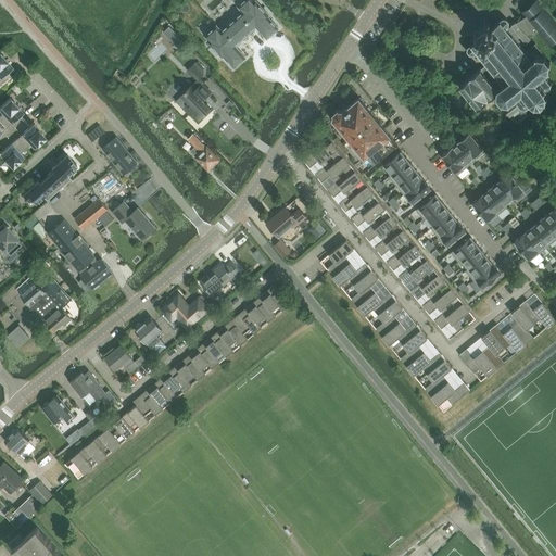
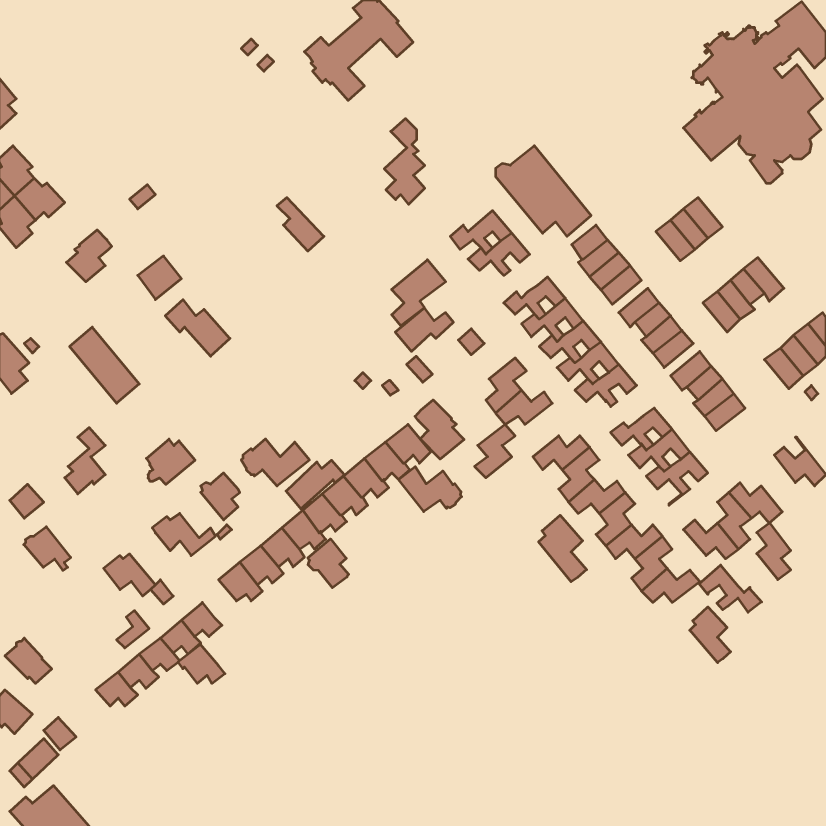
building: [181,62,208,119] -> [384,119,425,204]
building: [102,139,136,174] -> none
building: [326,172,367,201] -> none
building: none -> [392,260,446,326]
building: [21,177,58,203] -> none
building: [74,200,114,230] -> none
building: [78,258,111,289] -> [146,439,195,484]
building: [397,260,439,288] -> none
building: [200,263,239,295] -> [286,460,344,509]
building: none -> [415,400,464,459]
building: [20,271,60,314] -> none
building: [350,271,377,307] -> [475,424,515,478]
building: [510,306,533,344] -> [757,523,791,580]
building: none -> [398,467,462,512]
building: none -> [539,515,587,582]
building: none -> [308,539,349,588]
building: none -> [699,565,762,612]
building: [131,390,163,416] -> [178,644,225,683]
building: [41,396,73,426] -> [24,527,71,570]
building: none -> [690,607,731,663]

